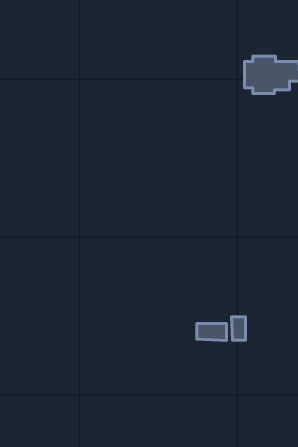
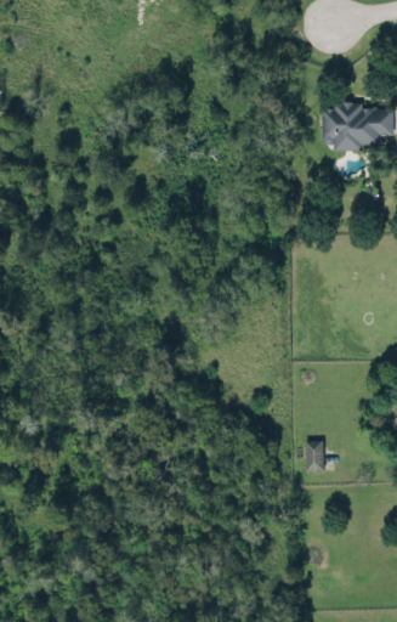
building: [197,324,226,340] -> none

